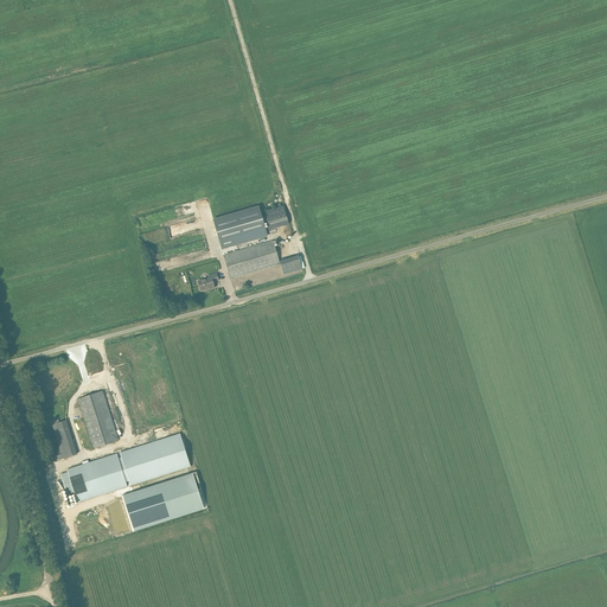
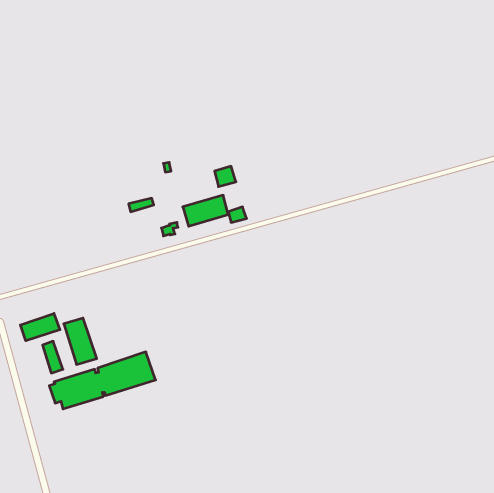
building: [213,205,267,248] -> none
building: none -> [20,313,60,341]
building: [122,471,202,530] -> none

